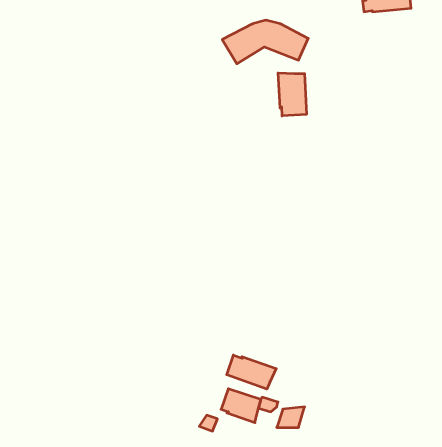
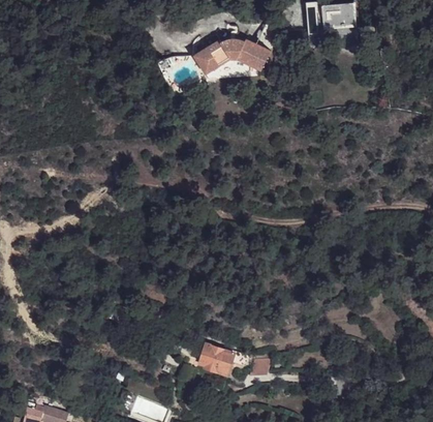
building: [278,73,306,116] -> none
building: [227,355,276,389] -> none

